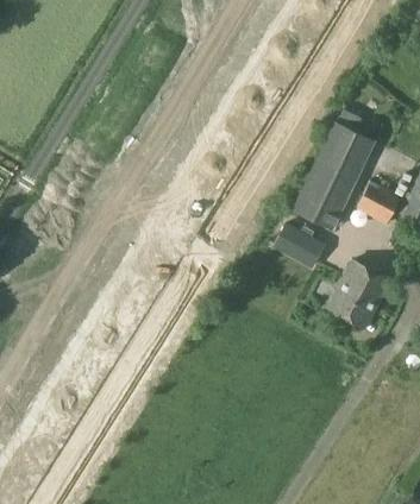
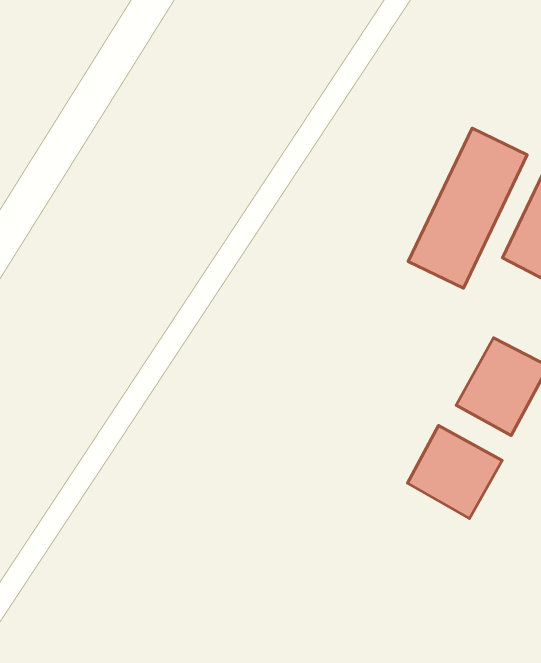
building: [272,226,321,266] -> none
building: none -> [407,426,502,519]

